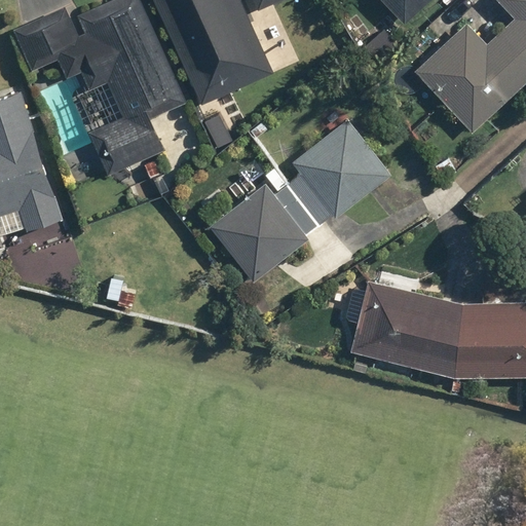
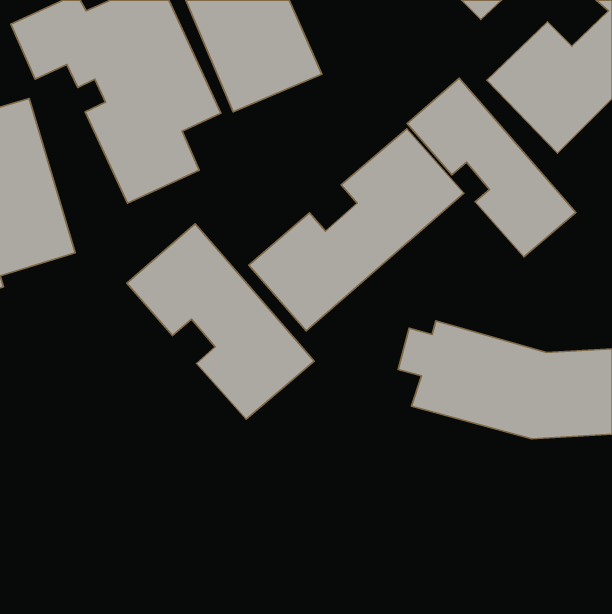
building: none -> [407,78,576,257]
building: none -> [127,224,314,419]

